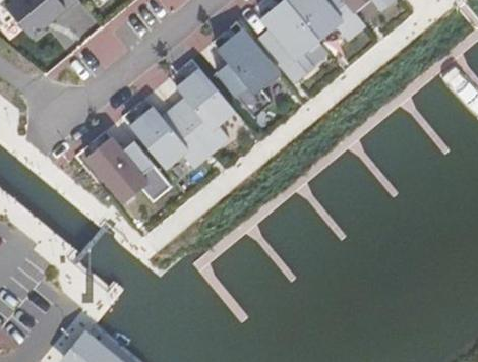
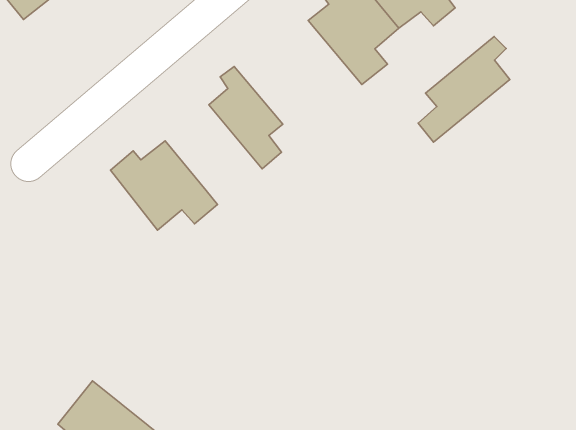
building: [206,33,277,122] -> none
building: none -> [418,37,510,142]
building: [130,101,215,169] -> none

